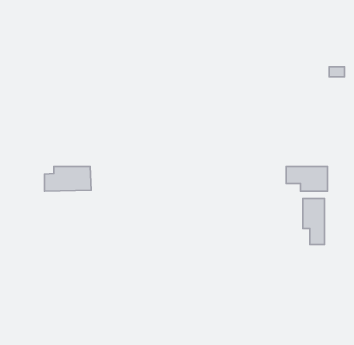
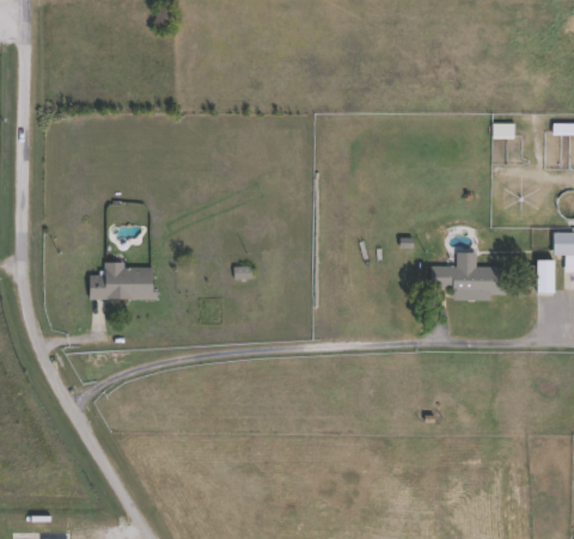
building: [303,198,325,244] -> none

